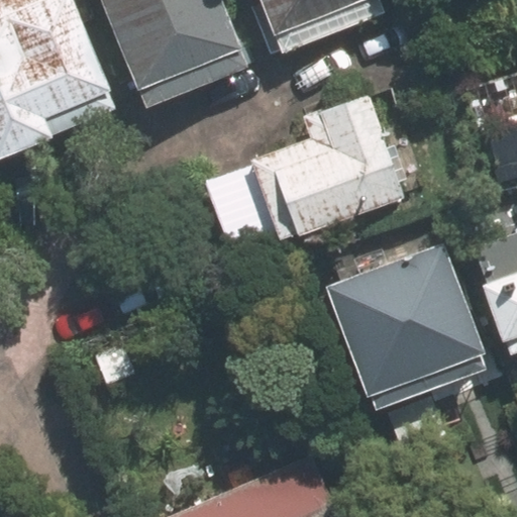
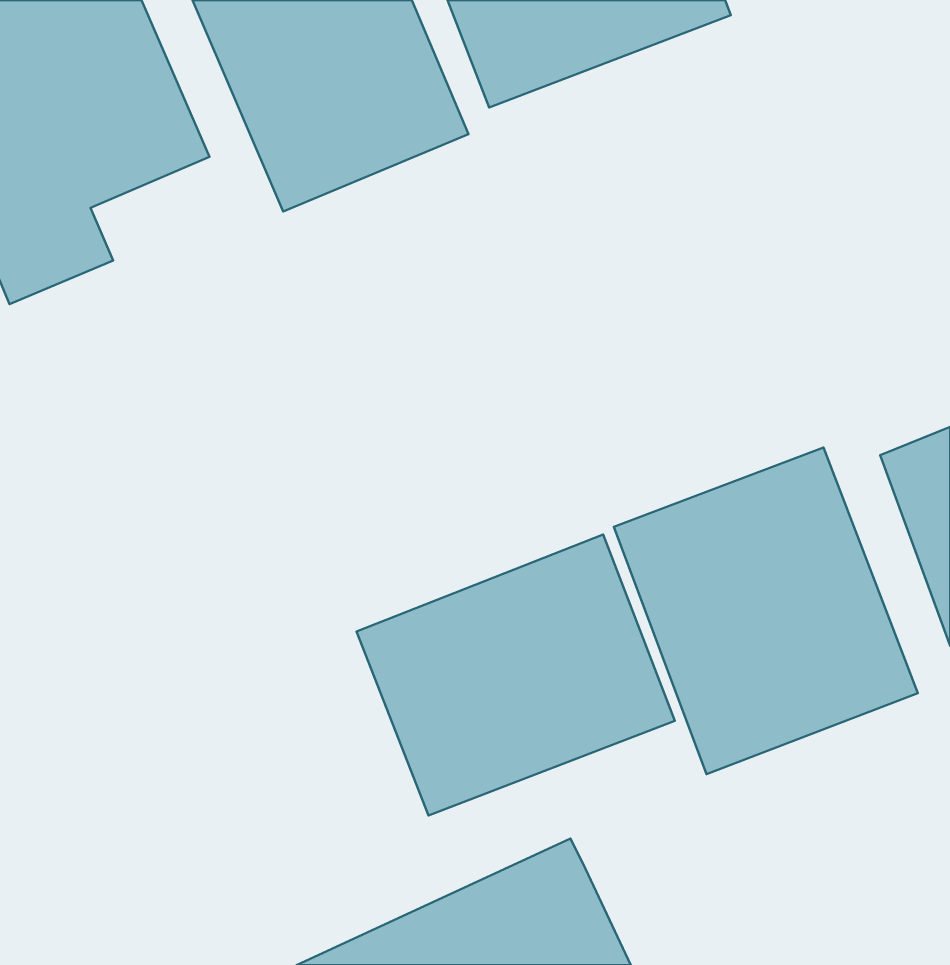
building: [198,89,406,251] -> none
building: none -> [357,535,675,815]

